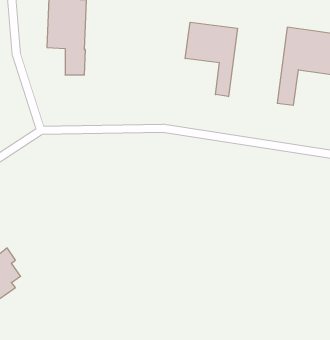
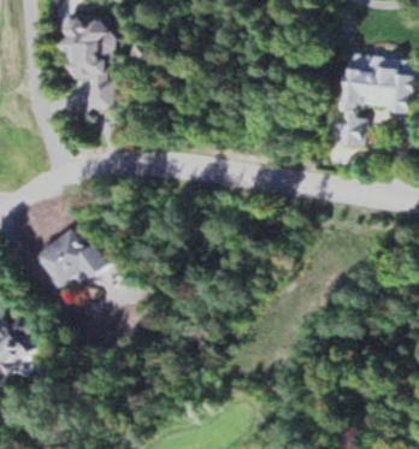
building: [185,22,237,97] -> none
building: none -> [37,226,105,293]

